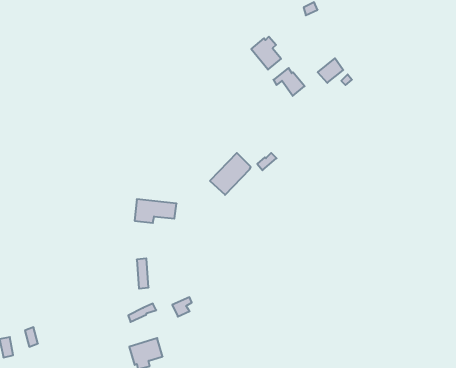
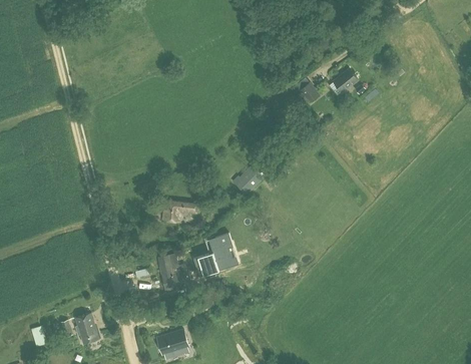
building: [251,37,281,70] -> none
building: none -> [192,234,230,274]
building: none -> [75,313,98,344]

